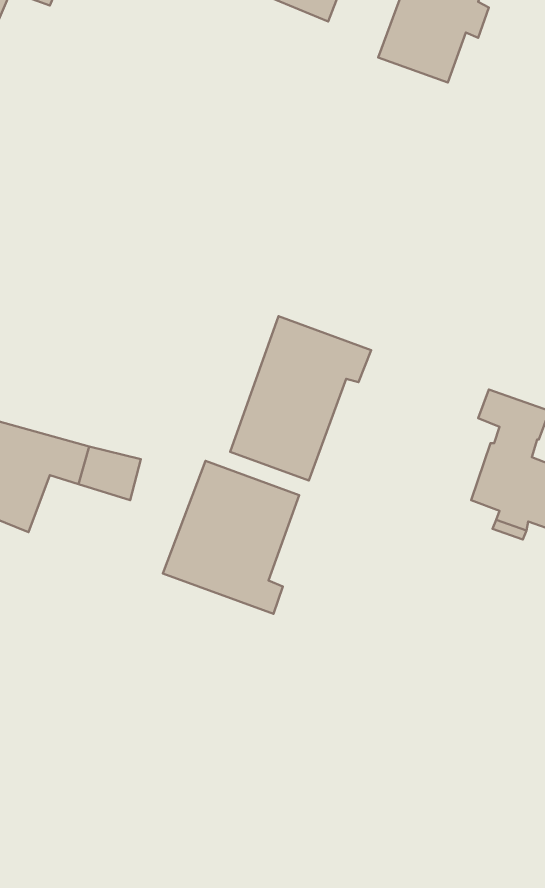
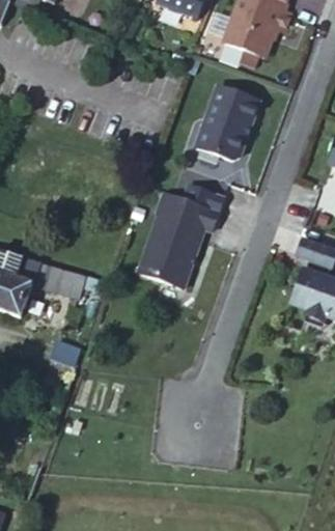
building: none -> [197,86,260,159]
building: [163,461,299,614] -> none

